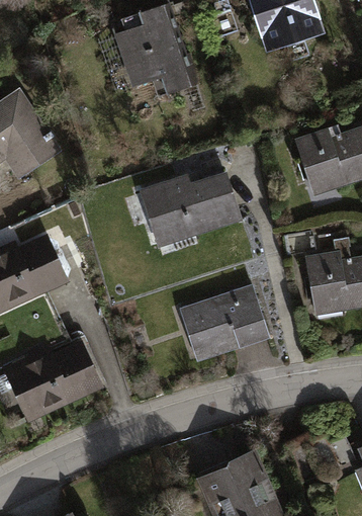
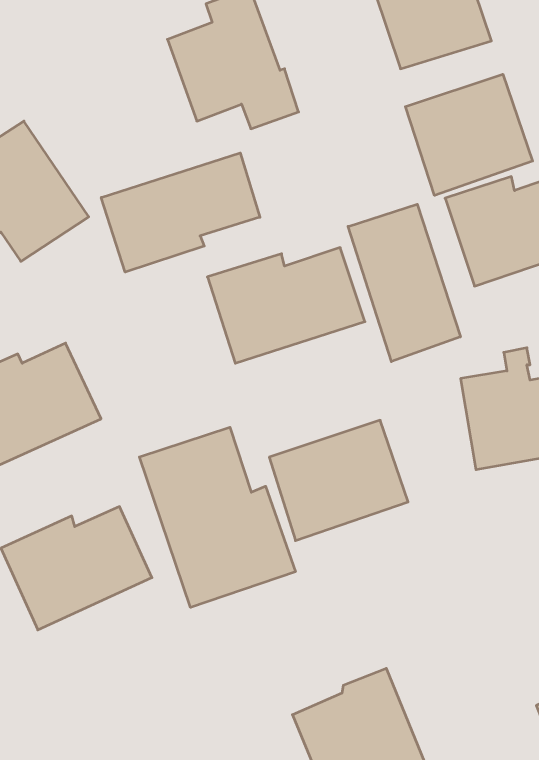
building: none -> [405,74,533,195]
building: none -> [101,153,260,272]
building: none -> [348,204,460,362]
building: none -> [139,427,295,607]

